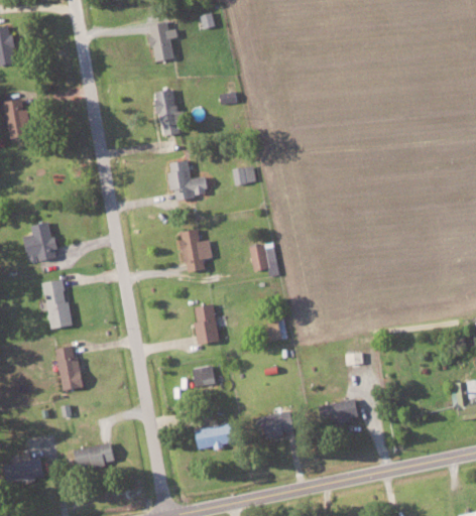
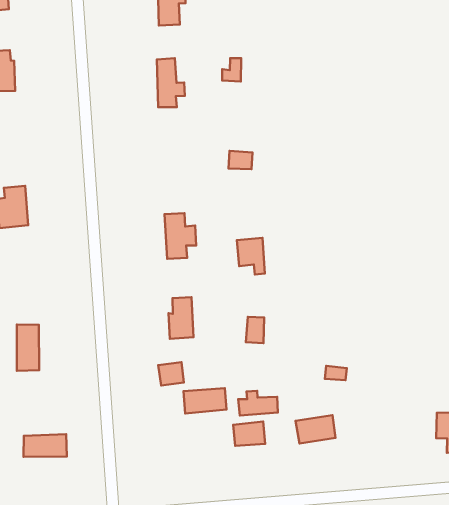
building: [167,159,208,199] -> none
building: [43,278,71,329] -> none
building: none -> [238,391,278,416]
building: [196,422,237,449] -> [183,388,227,414]

